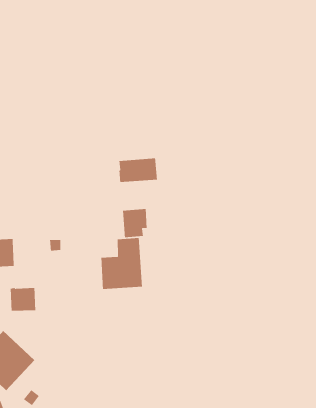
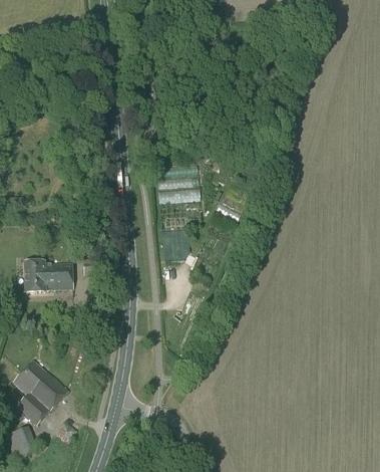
building: [100,237,143,290] -> none
building: [10,287,36,312] -> [44,263,72,289]

